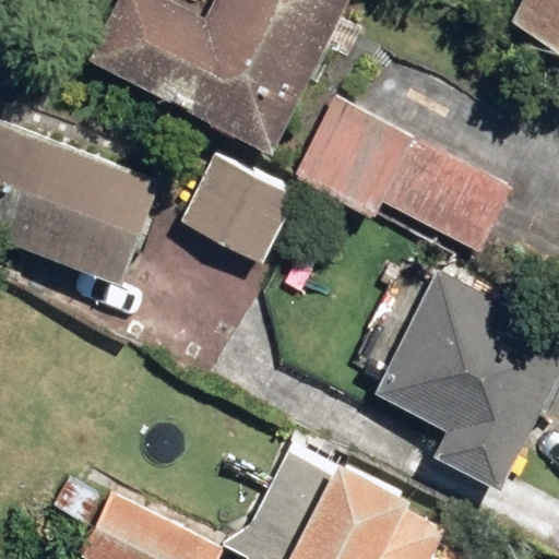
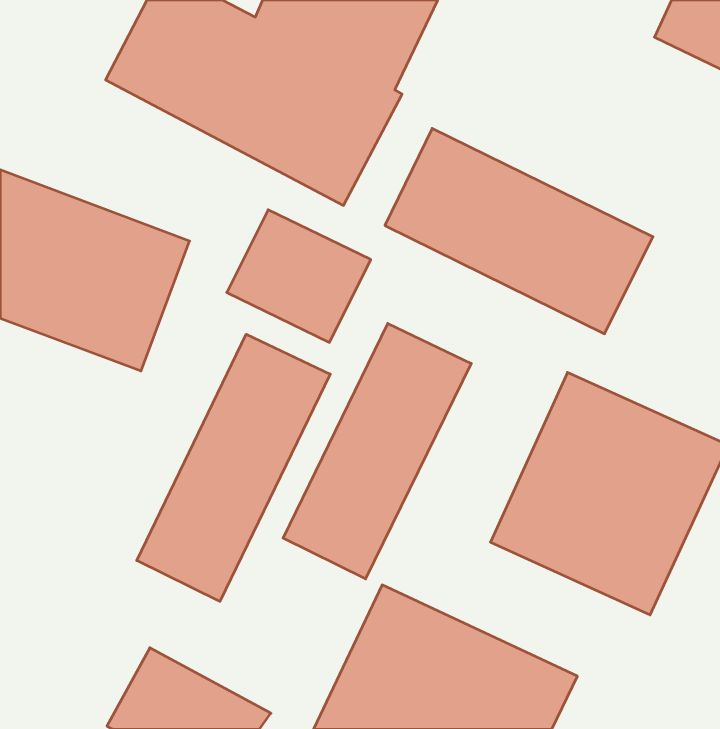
building: none -> [283,323,471,579]
building: none -> [137,334,330,601]

